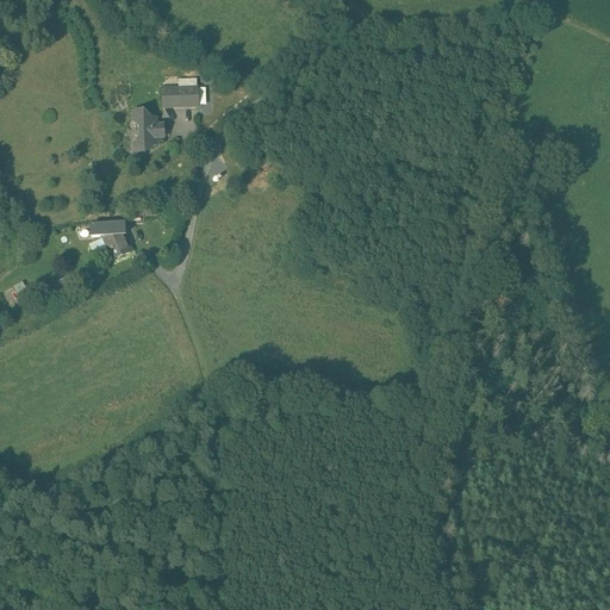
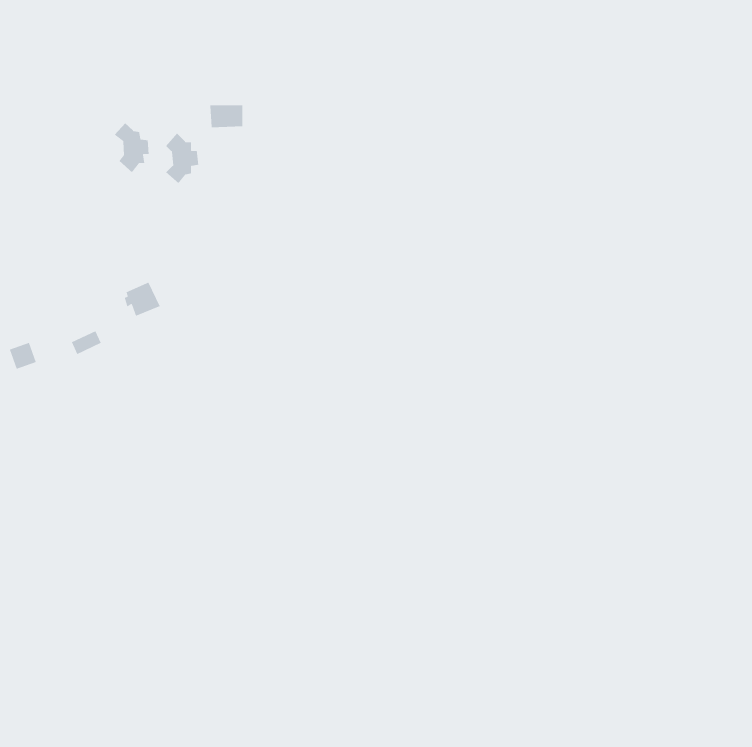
building: none -> [114,122,150,173]

